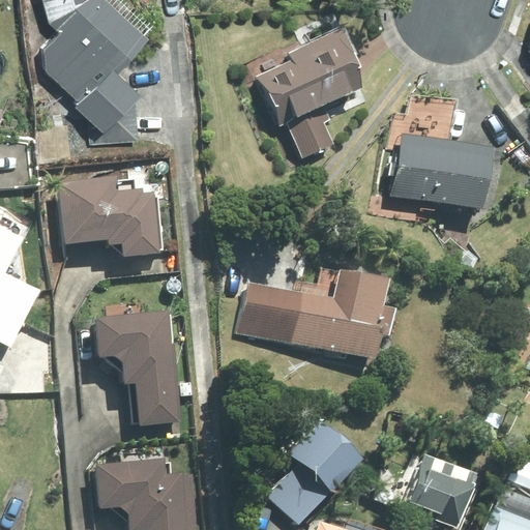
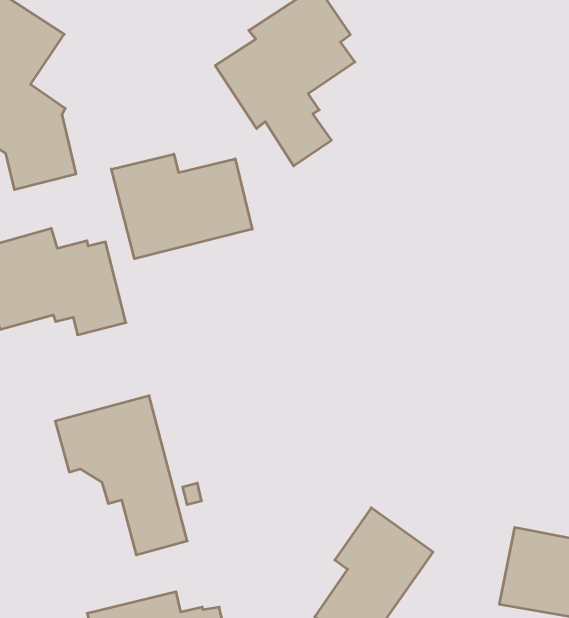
building: [389,96,492,210] -> none
building: none -> [111,154,252,259]
building: [235,269,394,359] -> none

